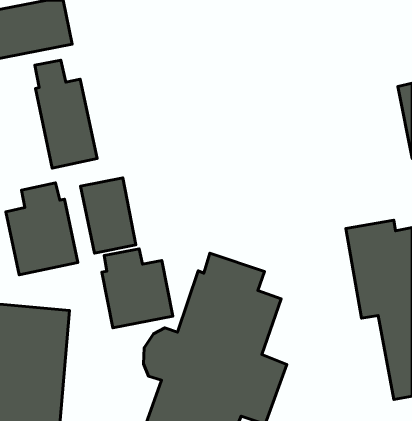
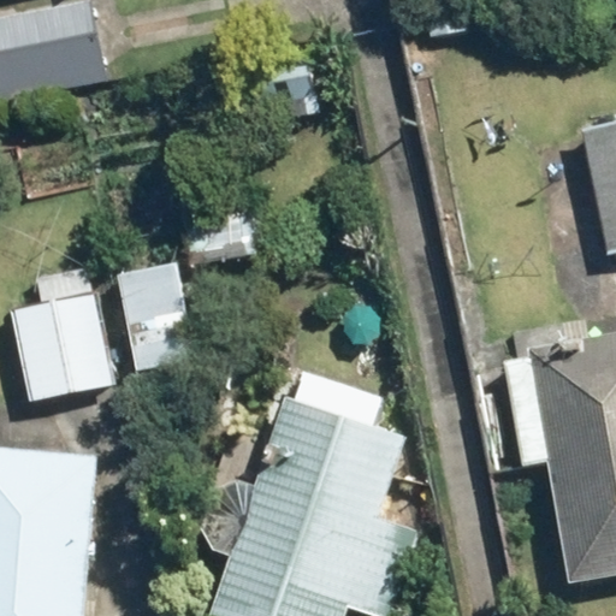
building: [35,60,97,168] -> none
building: [102,249,173,328] -> none

